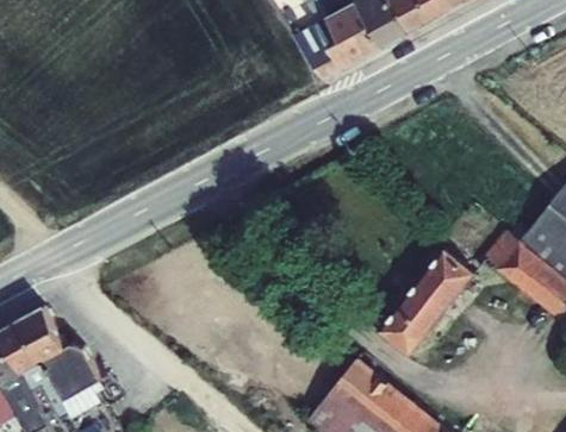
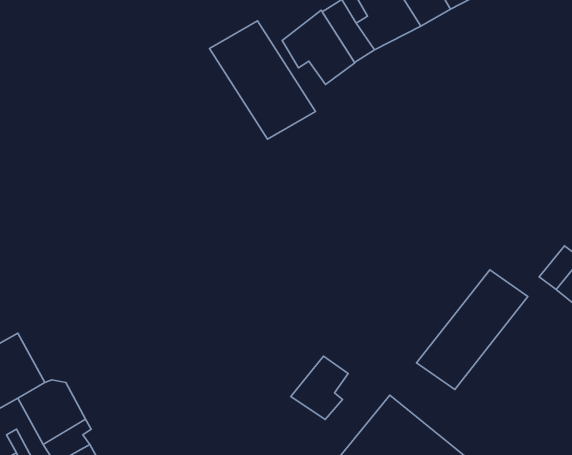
building: none -> [282,10,355,84]
building: none -> [209,21,315,139]
building: none -> [291,356,348,419]

